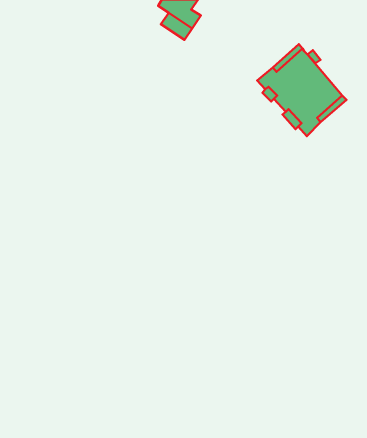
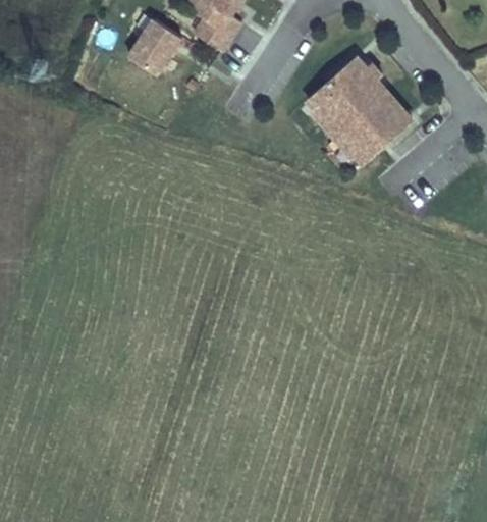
building: none -> [128,17,180,72]

